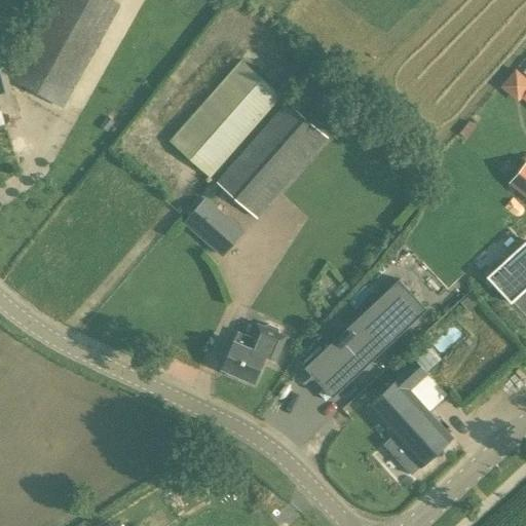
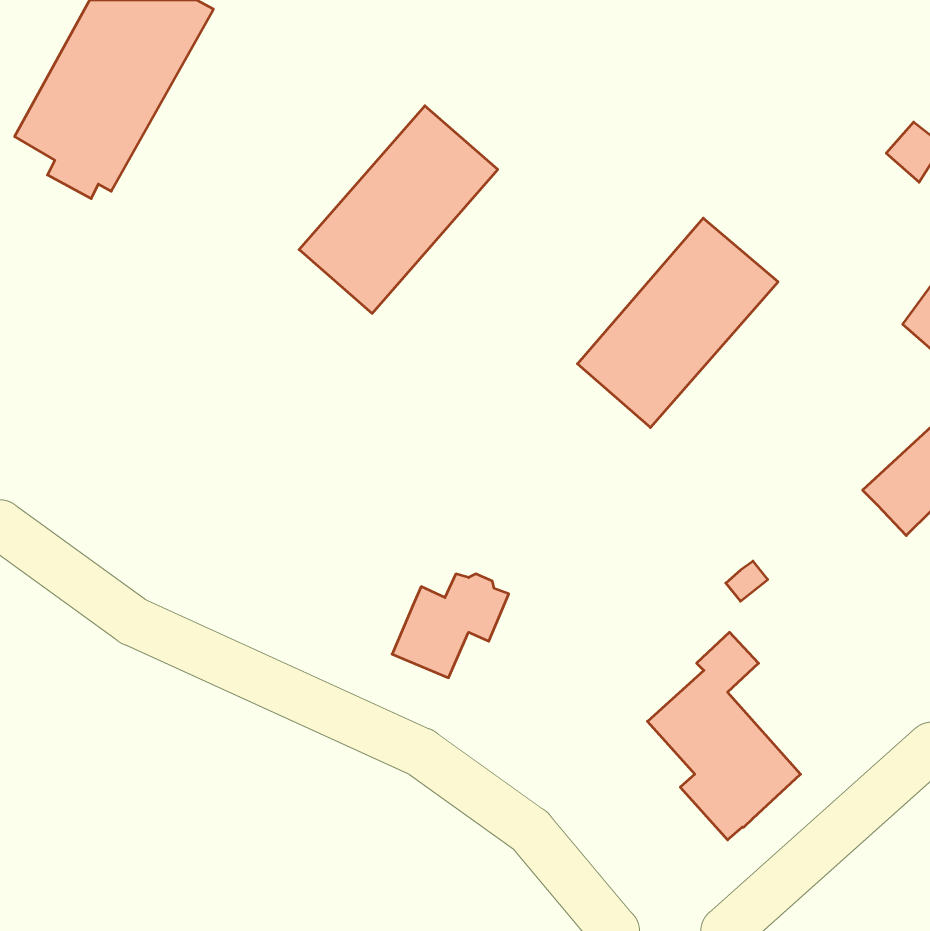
building: [217,101,330,219] -> [577,218,778,428]
building: [184,196,246,257] -> none
building: [304,279,426,398] -> none

